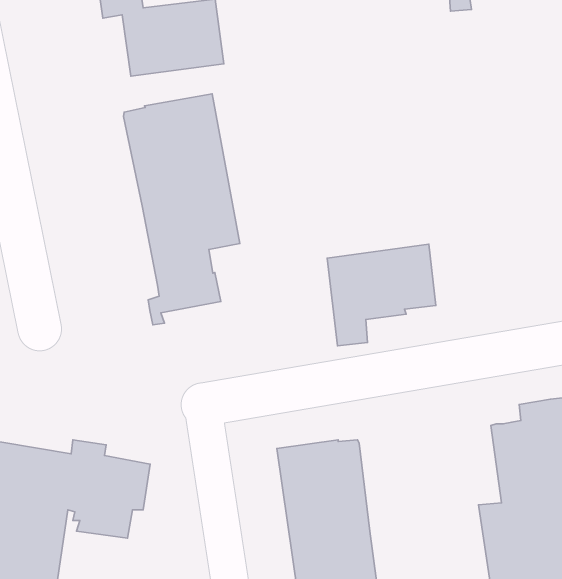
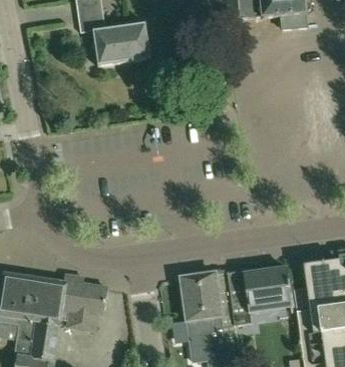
building: [123,94,240,325] -> none
building: [327,244,436,346] -> [228,267,290,325]

